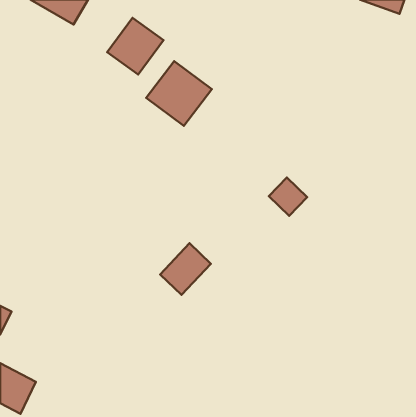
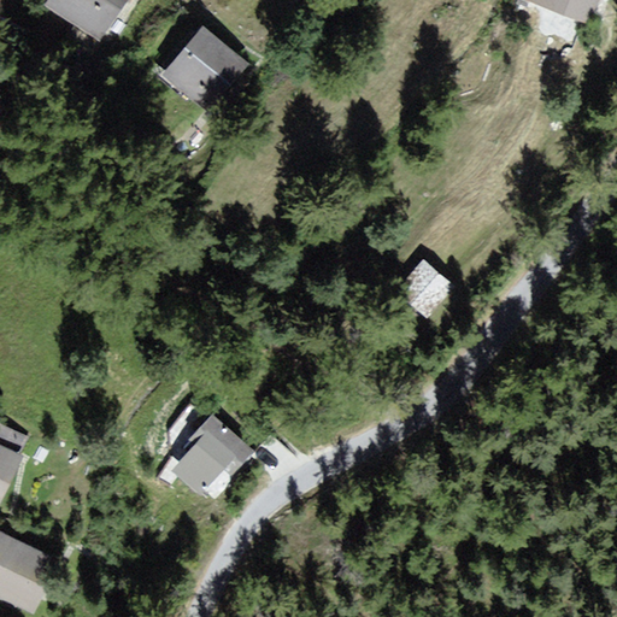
building: [146,61,212,126] -> none
building: [160,243,211,295] -> [166,421,241,496]

